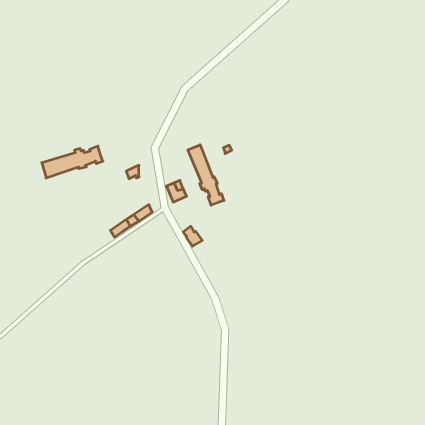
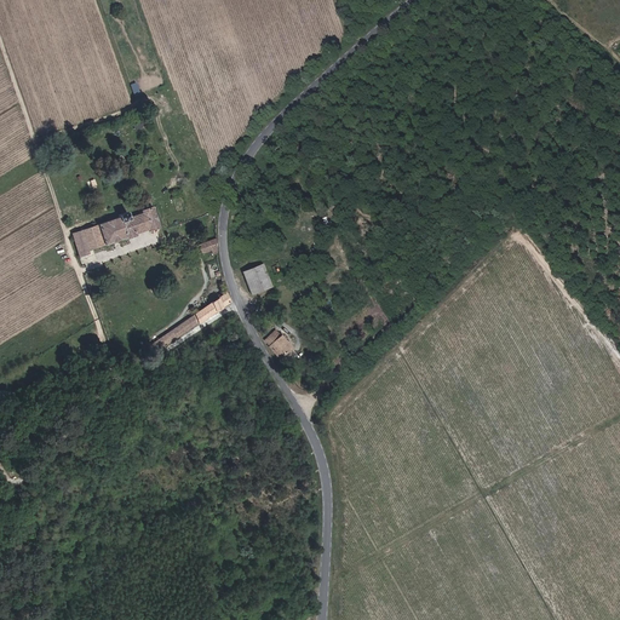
building: [188,145,224,205] -> none

